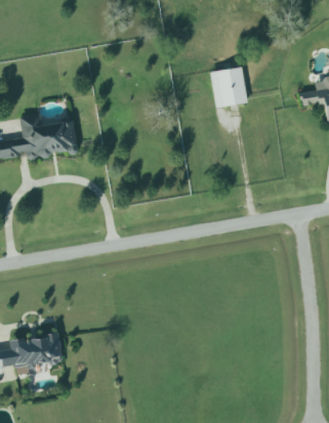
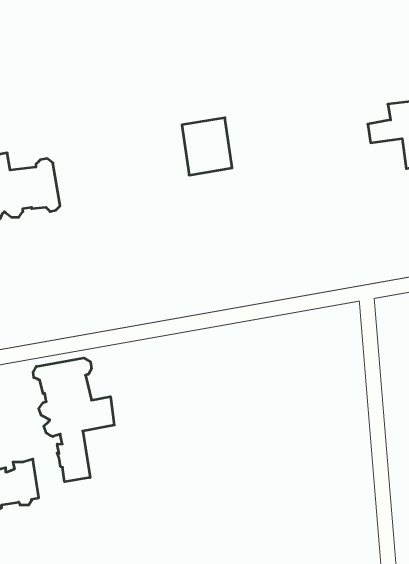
building: [210,66,246,107] -> [182,118,232,175]
building: none -> [33,358,114,482]

